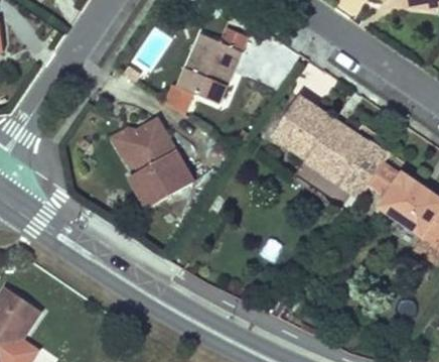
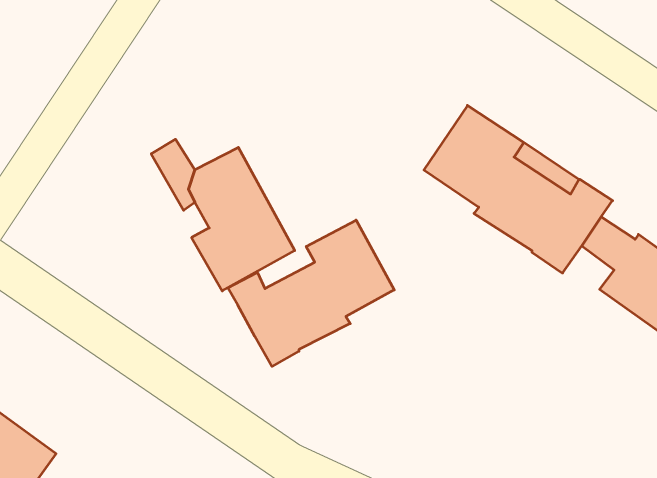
building: [178,34,243,107] -> none
building: none -> [228,220,394,366]

